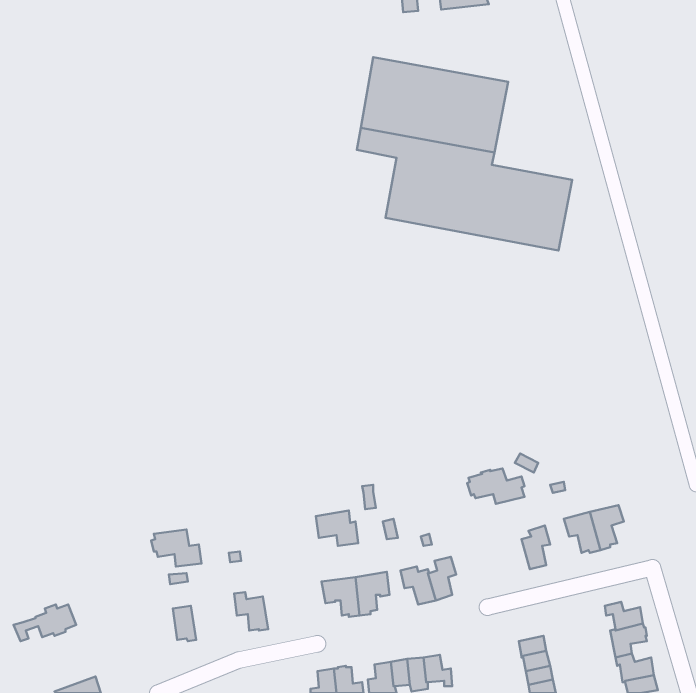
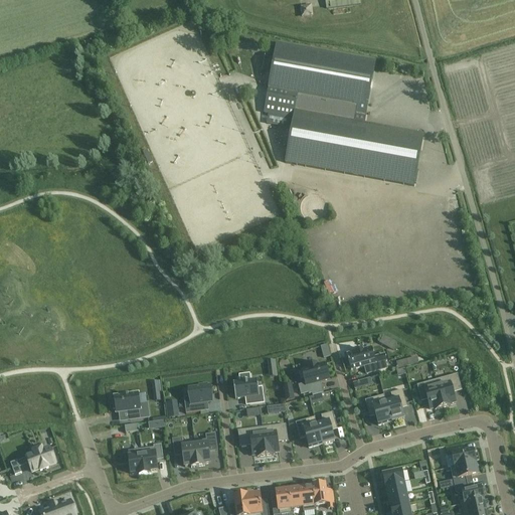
building: none -> [299,361,329,393]
building: none -> [185,382,212,412]
building: none -> [365,395,391,424]
building: none -> [194,433,217,465]
building: none -> [141,444,163,473]

